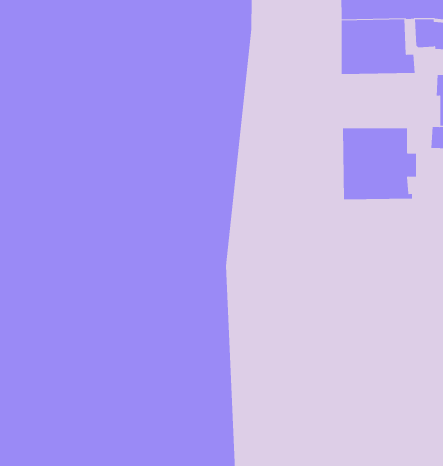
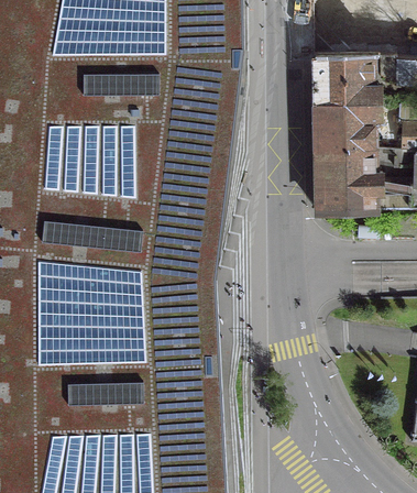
building: none -> [315,108,380,155]

